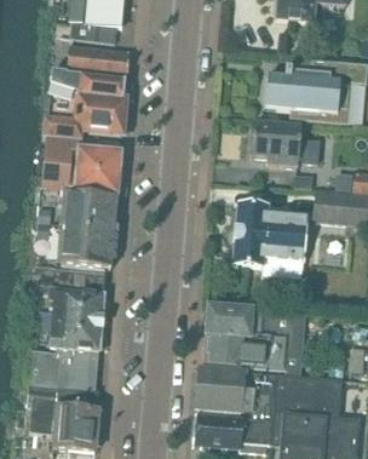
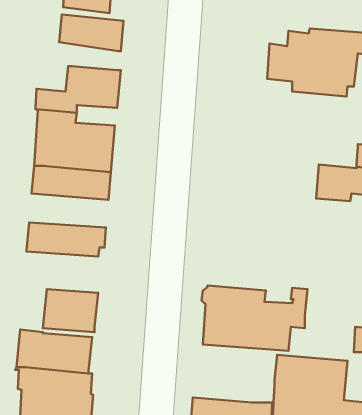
building: [50,69,123,98] -> none
building: [251,121,320,167] -> none
building: [234,202,306,277] -> none
building: [34,217,114,249] -> none
building: [33,272,105,312] -> none
building: [196,366,276,418] -> none

